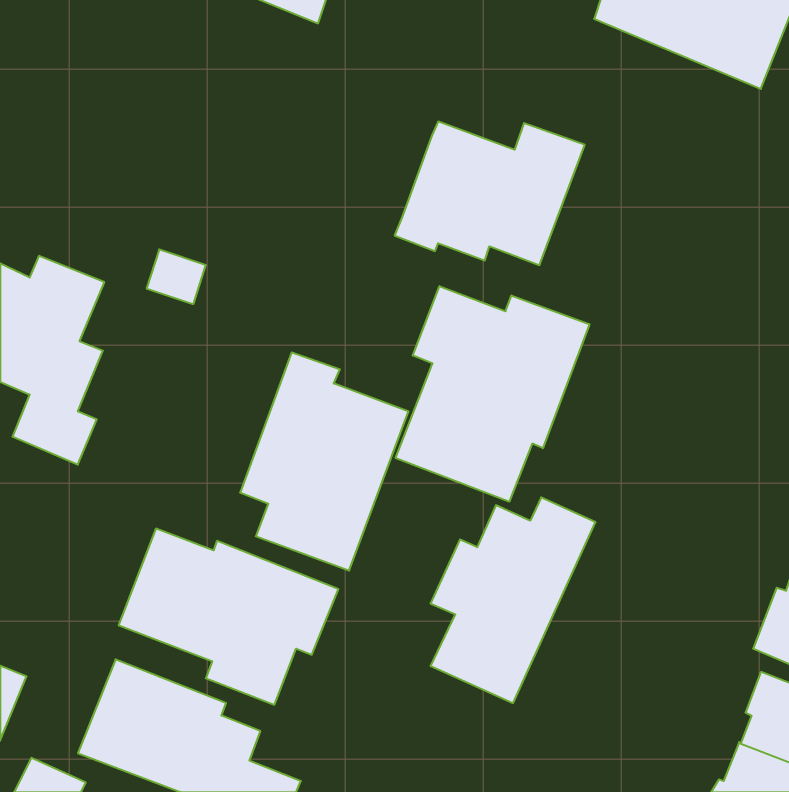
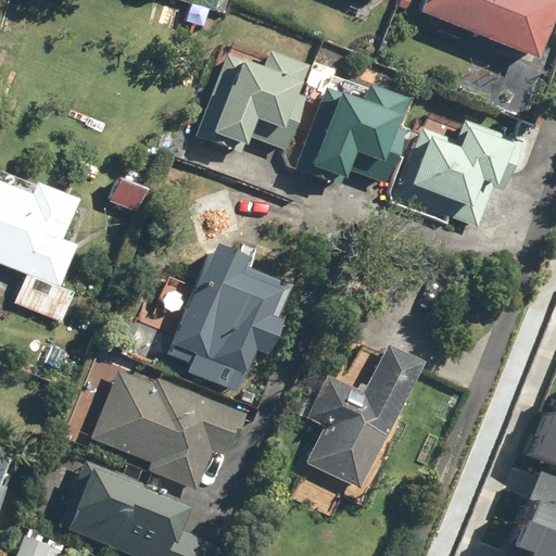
building: none -> [195,41,311,151]
building: none -> [400,119,521,228]
building: [396,286,589,502] -> none

